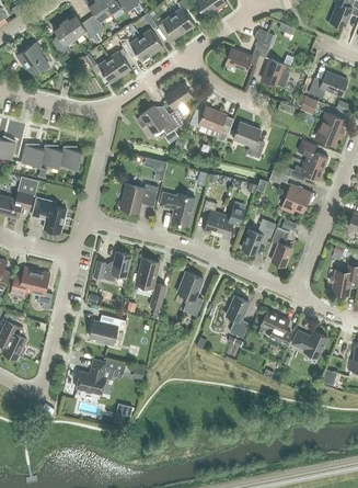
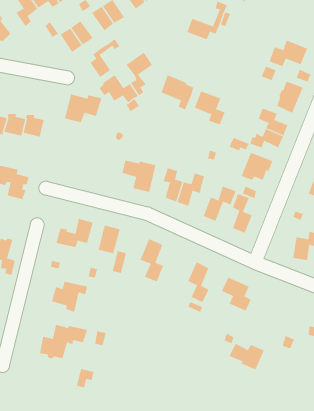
building: [262,58,289,86] -> none
building: none -> [90,38,120,78]
building: [120,183,159,213] -> [64,94,102,123]
building: [291,330,327,358] -> [229,343,264,370]

